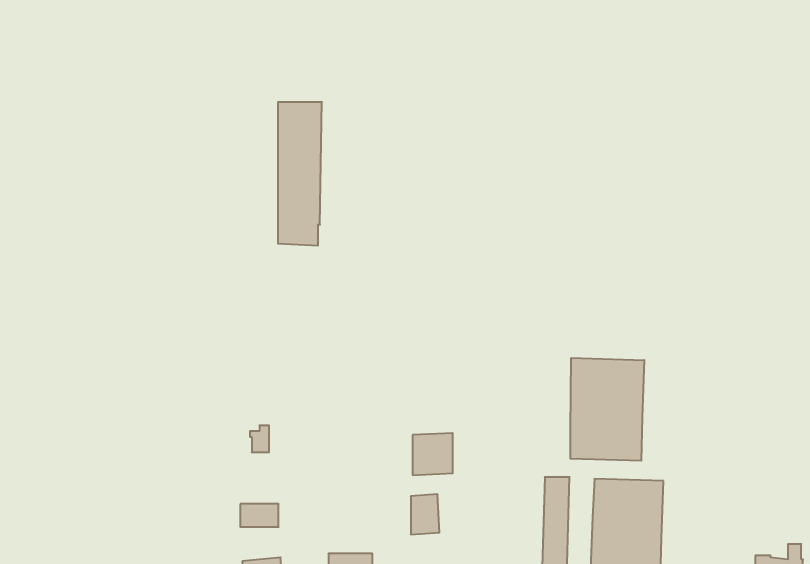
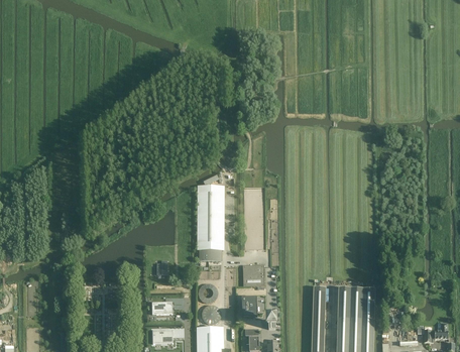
building: [278,102,322,246] -> [199,185,222,260]
building: [570,358,644,461] -> none

